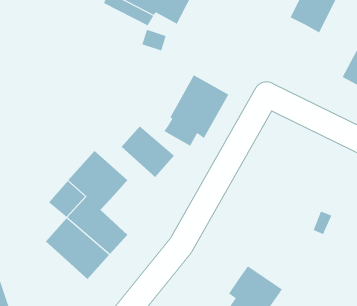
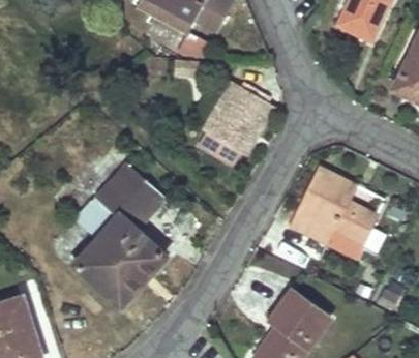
building: [121,125,175,178] -> none
building: none -> [291,167,376,243]

